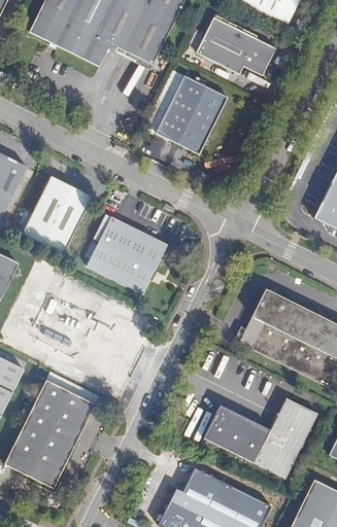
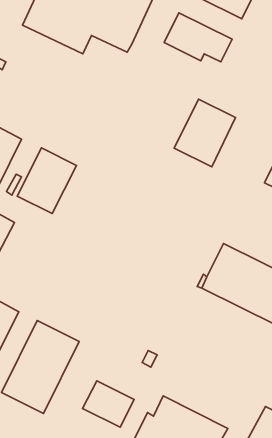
building: [156,75,228,154] -> [174,99,235,167]
building: [87,216,167,294] -> none
building: [204,397,317,478] -> none
building: none -> [83,381,134,427]

